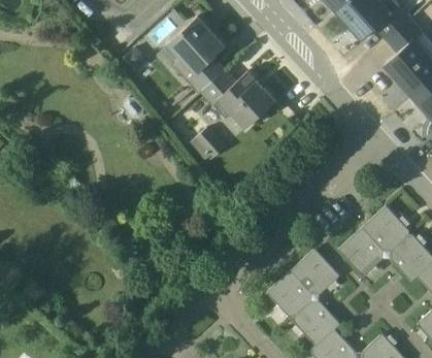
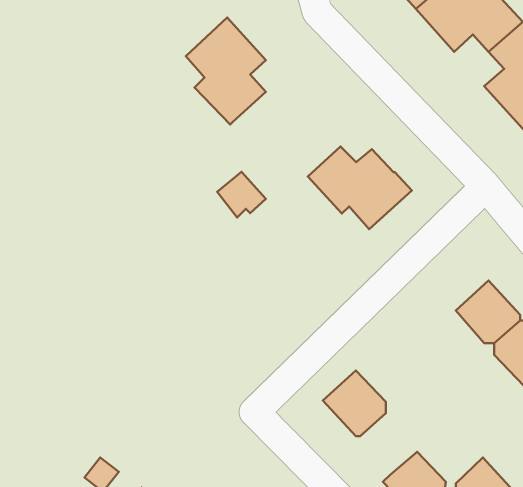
building: [201,69,276,129] -> [308,146,412,229]
building: [338,227,383,276] -> none
building: [290,249,339,294] -> none
building: [293,301,340,346] -> none

